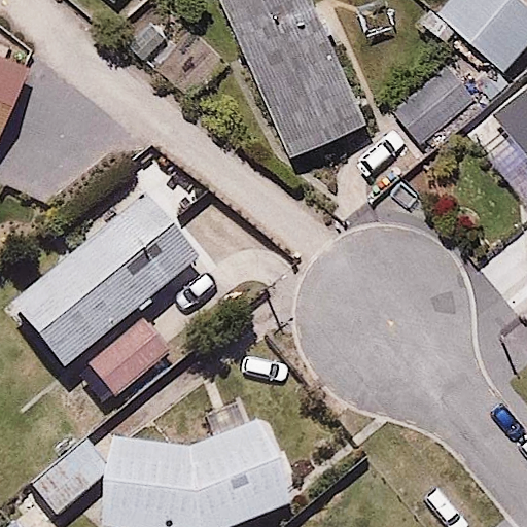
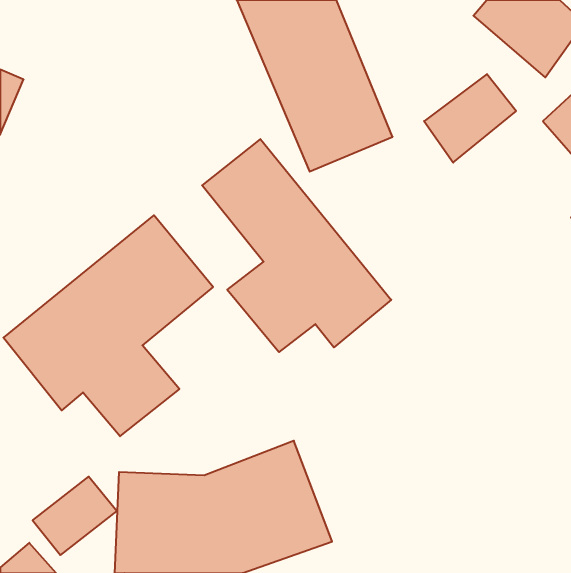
building: none -> [202,139,391,352]

